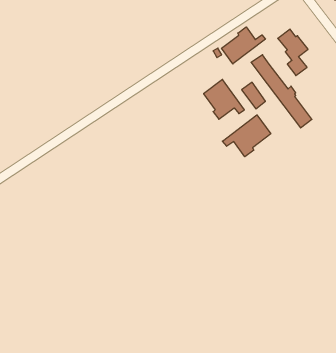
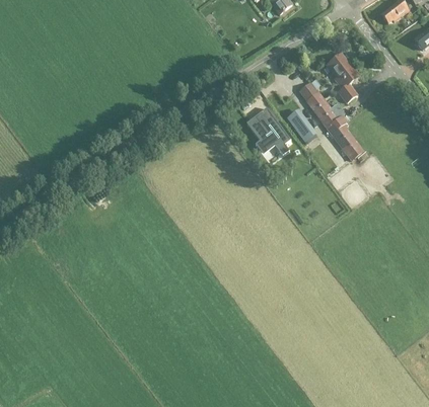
building: [222,27,265,64] -> none
building: [222,115,271,157] -> none

